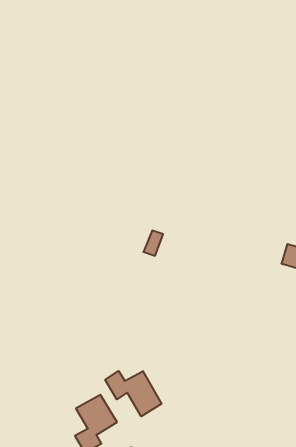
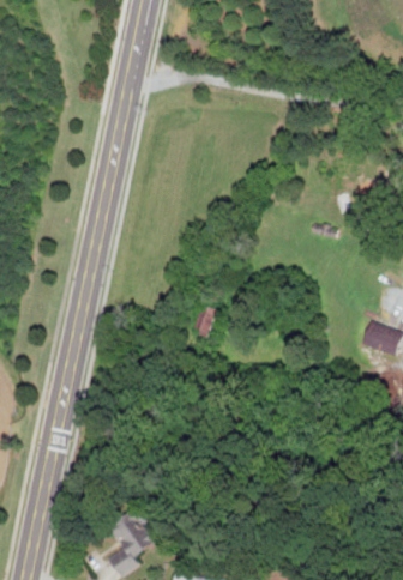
building: [105,371,162,416] -> none

